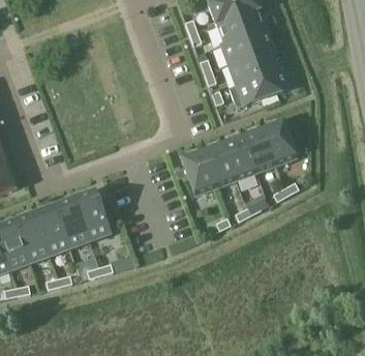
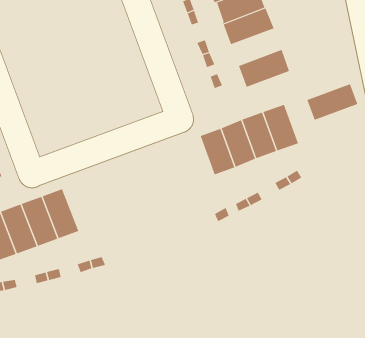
building: [231,48,279,83] -> [307,83,358,121]
building: [180,149,215,194] -> none
building: [72,190,109,239] -> none

